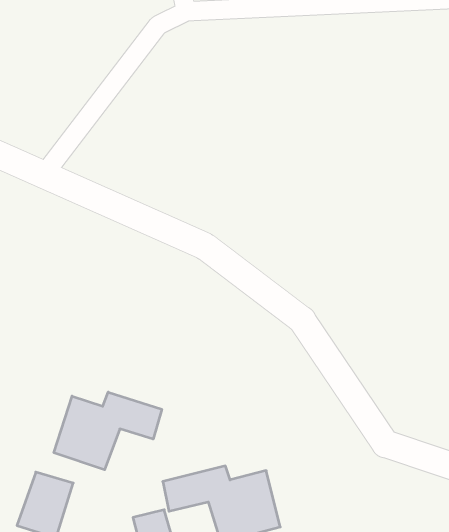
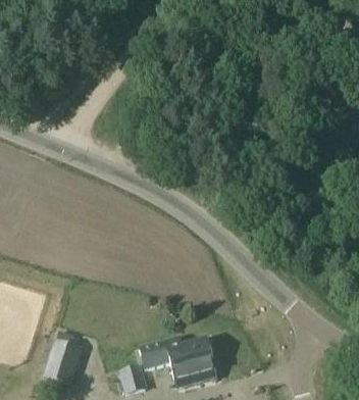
building: [54,392,162,470] -> none

